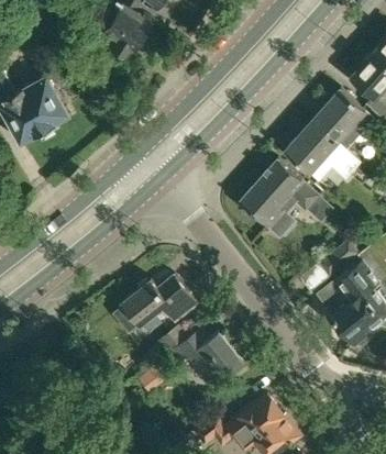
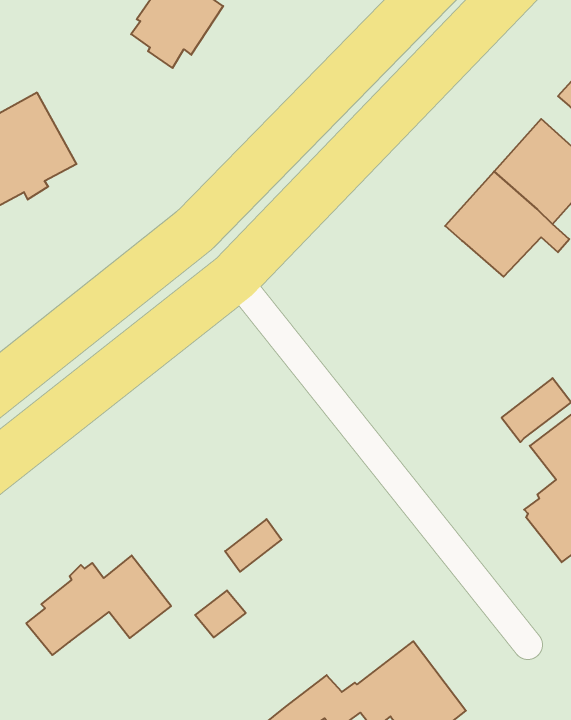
building: [241,158,318,237] -> none
building: [113,274,198,332] -> [26,555,171,655]
building: [169,328,242,388] -> none

